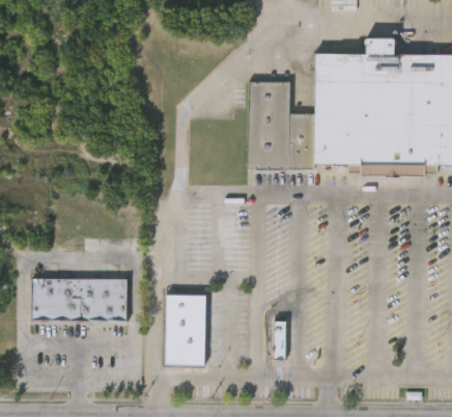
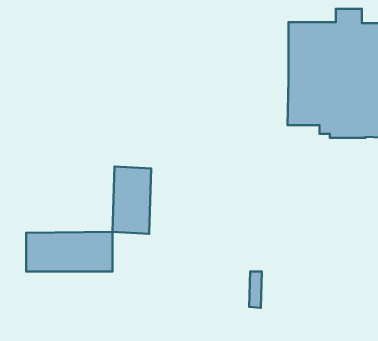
building: [248,81,315,169] -> none
building: [165,294,206,366] -> [113,167,151,234]

